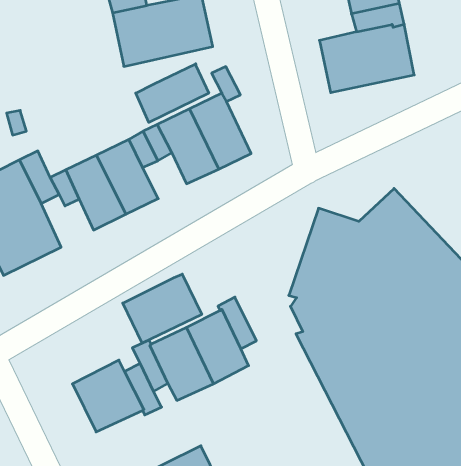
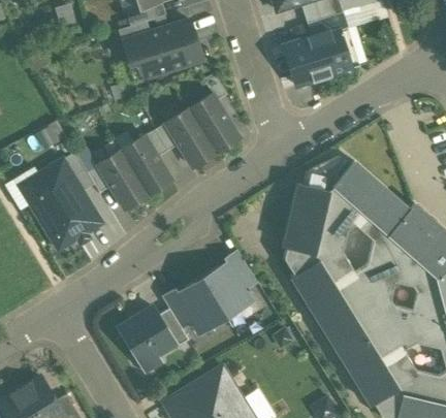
building: [136,64,209,122] -> none
building: [123,274,202,343] -> none

